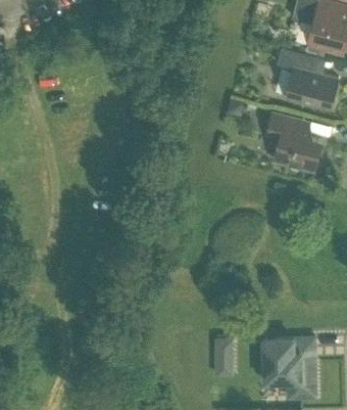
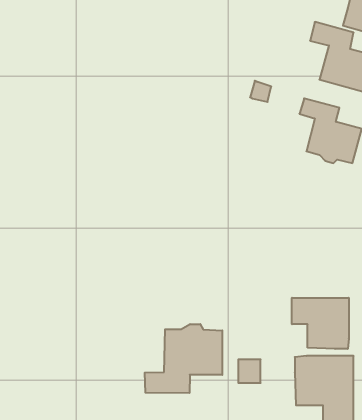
building: none -> [292,298,349,349]
building: none -> [145,324,222,393]

